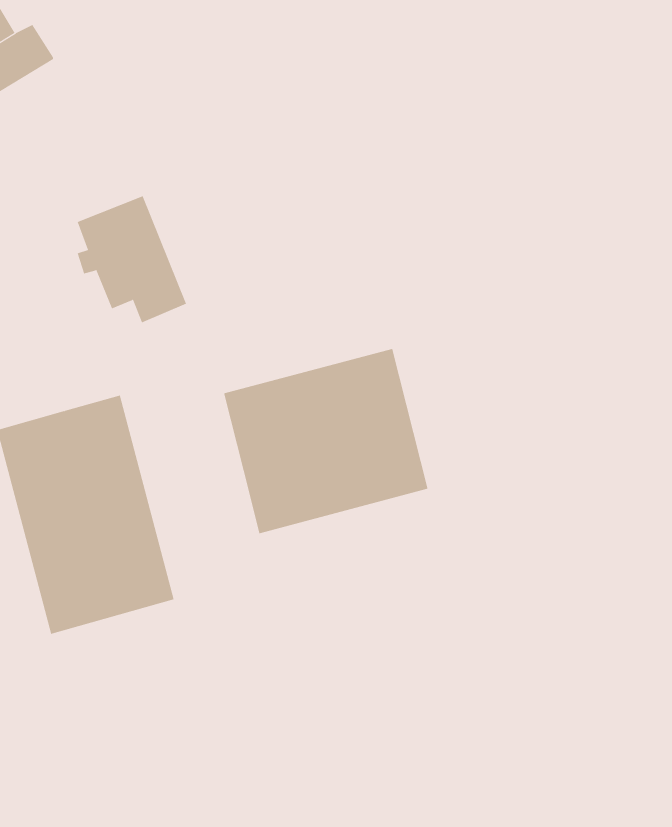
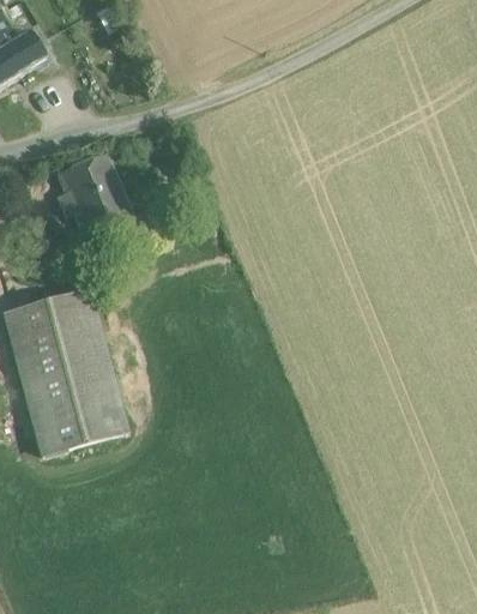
building: [224,348,428,534] -> none

